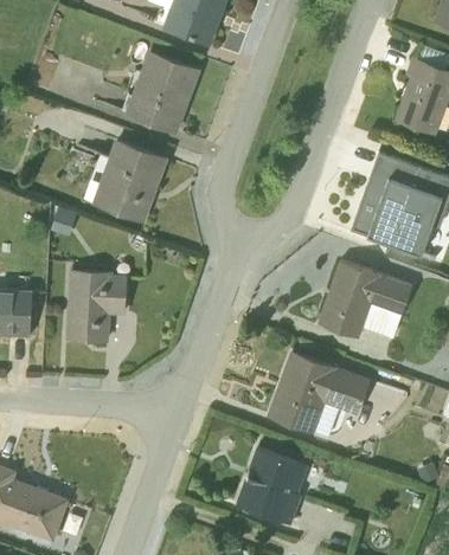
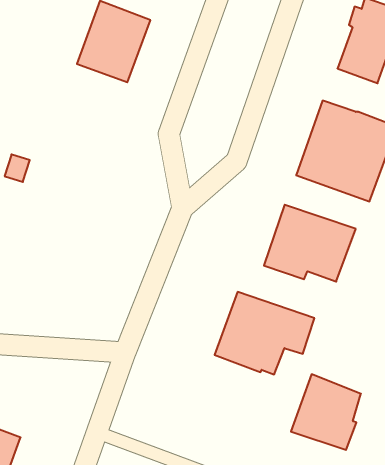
building: [91,138,168,224] -> none
building: [68,272,124,341] -> none
building: [235,445,307,523] -> [291,374,361,450]

